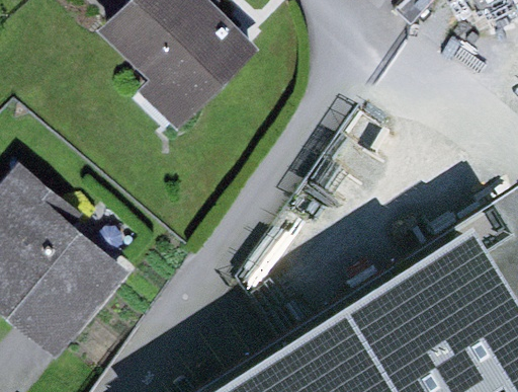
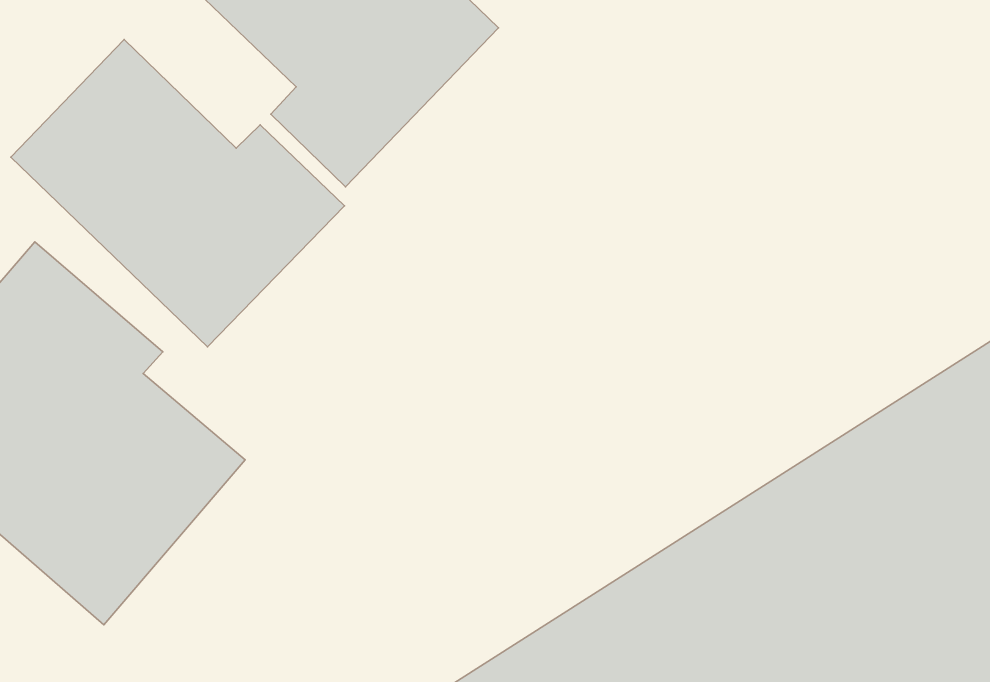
building: none -> [11,39,345,347]

